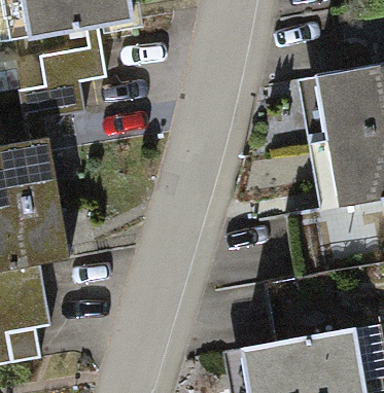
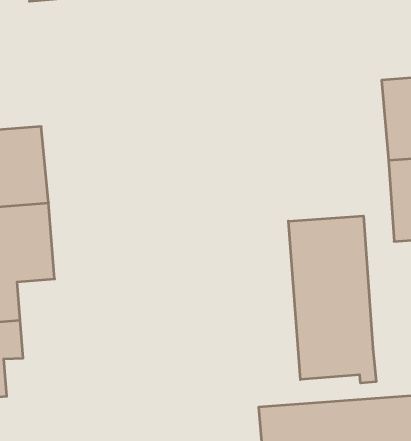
building: [18,44,106,120] -> none
building: none -> [288,216,376,383]

